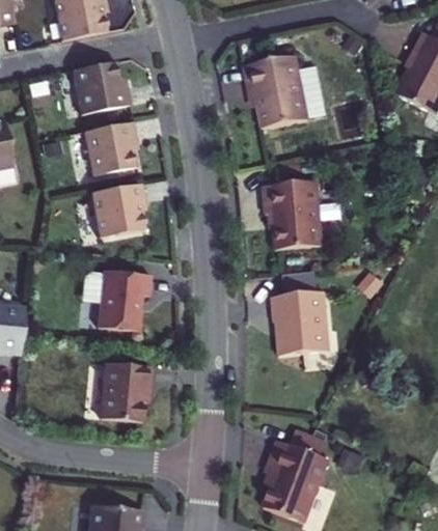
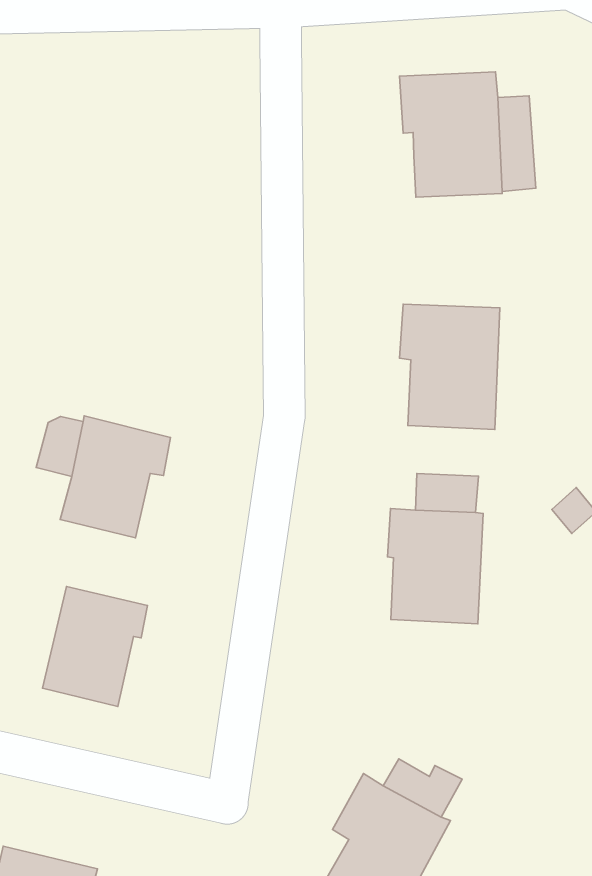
building: [72,61,131,114] -> none
building: [84,121,137,175] -> none
building: [90,184,145,237] -> none

